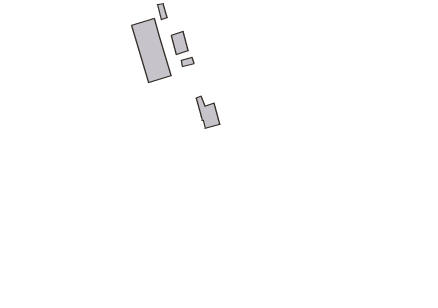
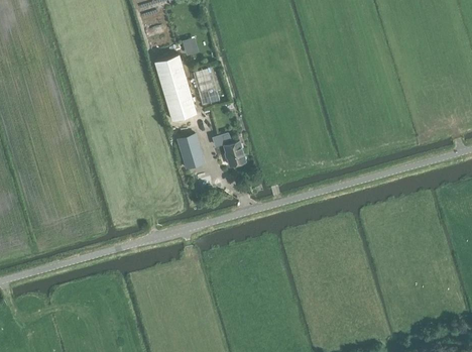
building: none -> [178,138,204,168]

